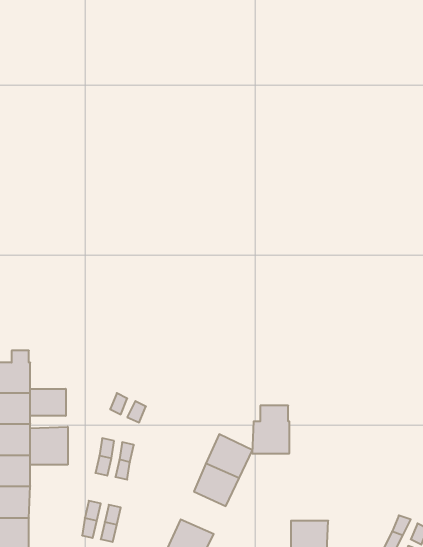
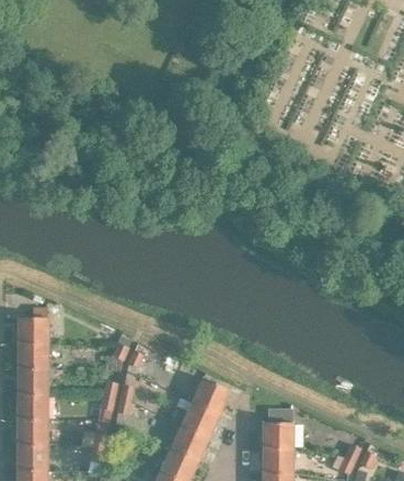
building: [30,389,66,416] -> none
building: [252,406,289,453] -> [262,412,292,451]
building: [30,427,68,465] -> none
building: none -> [171,427,208,462]

